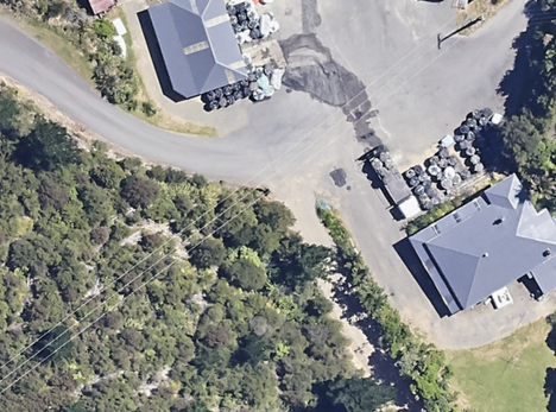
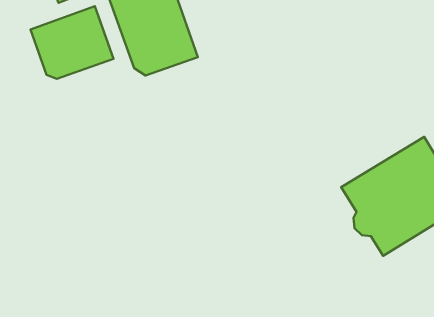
building: none -> [30,6,113,79]

